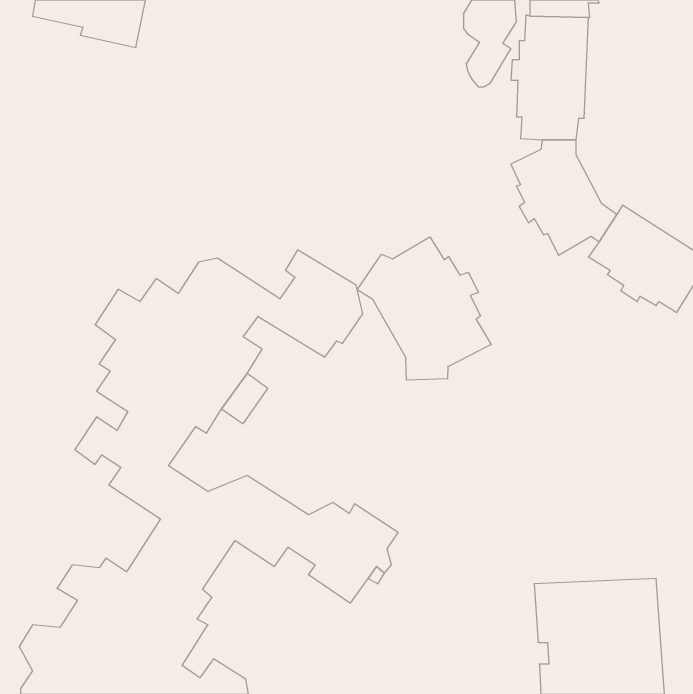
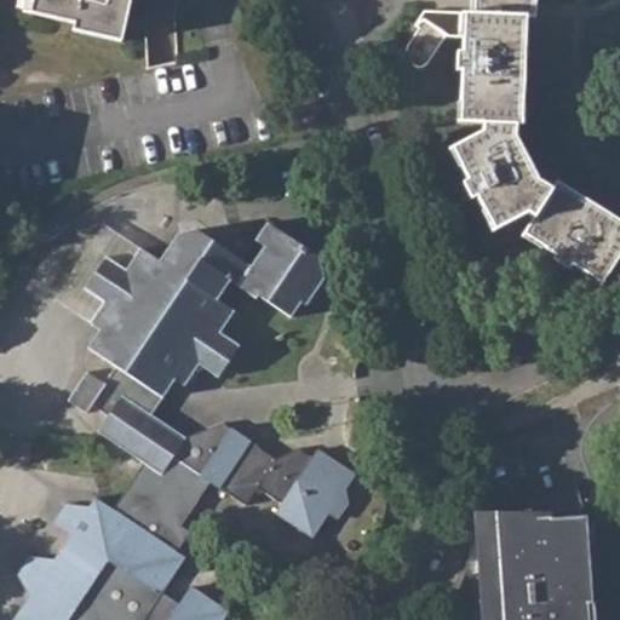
building: [357,237,491,380] -> none

